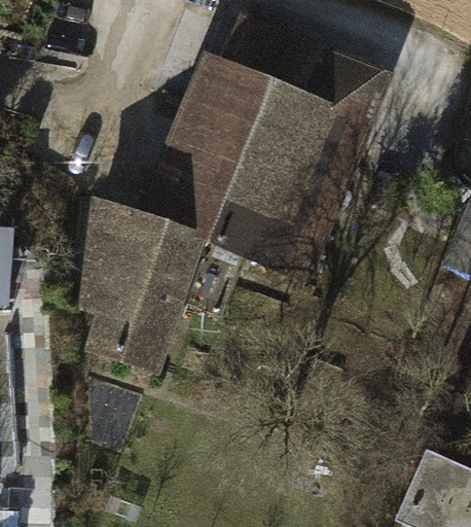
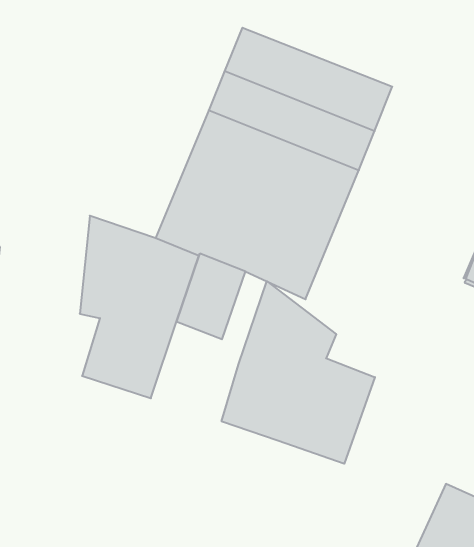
building: none -> [222,281,375,464]

